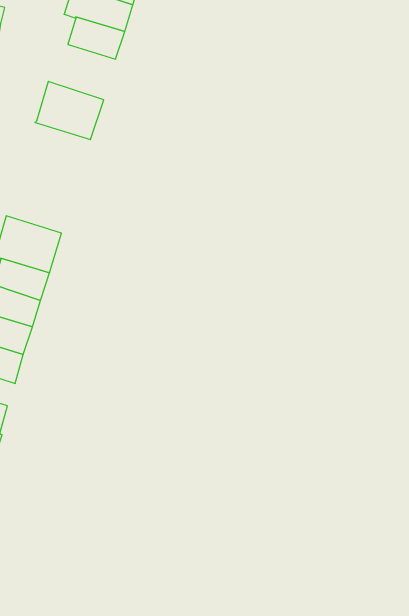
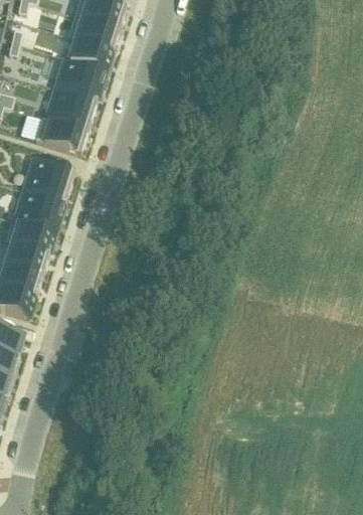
building: none -> [55,56,107,102]
building: none -> [35,117,87,154]
building: none -> [23,158,75,203]

